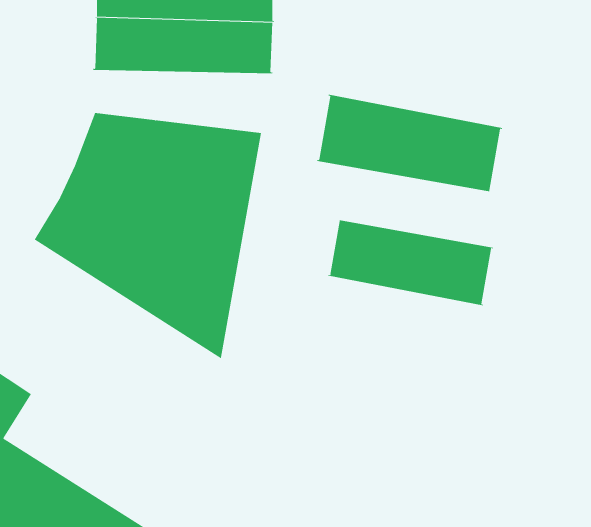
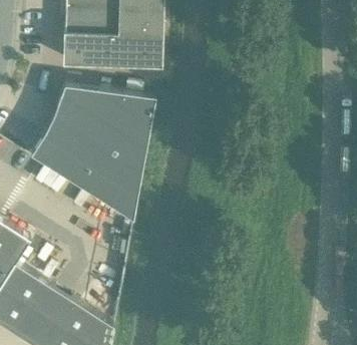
building: [317,94,503,193] -> none
building: [328,219,494,306] -> none

